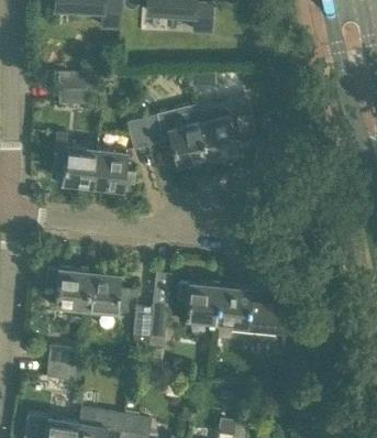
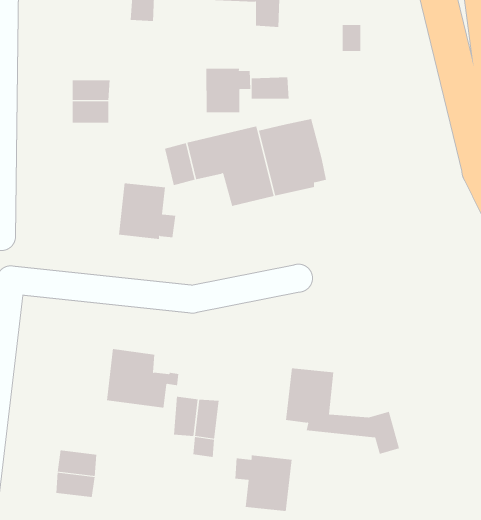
building: none -> [206,68,251,113]
building: [53,134,97,187] -> none
building: [46,269,88,309] -> none
building: [177,282,220,324] -> [234,455,293,512]

